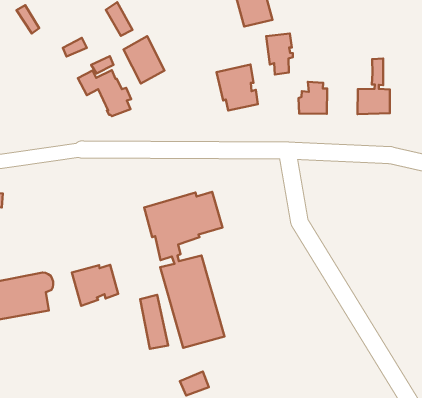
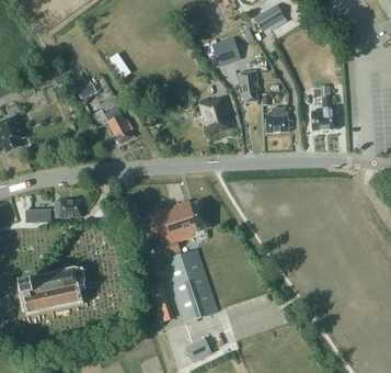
building: [123,36,164,84] -> none
building: none -> [55,200,82,218]
building: [72,265,118,306] -> none

